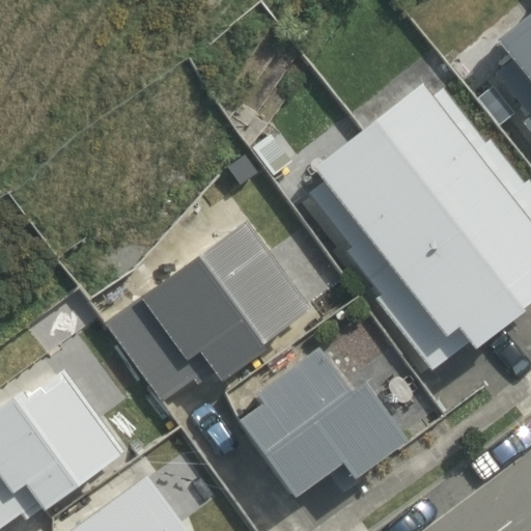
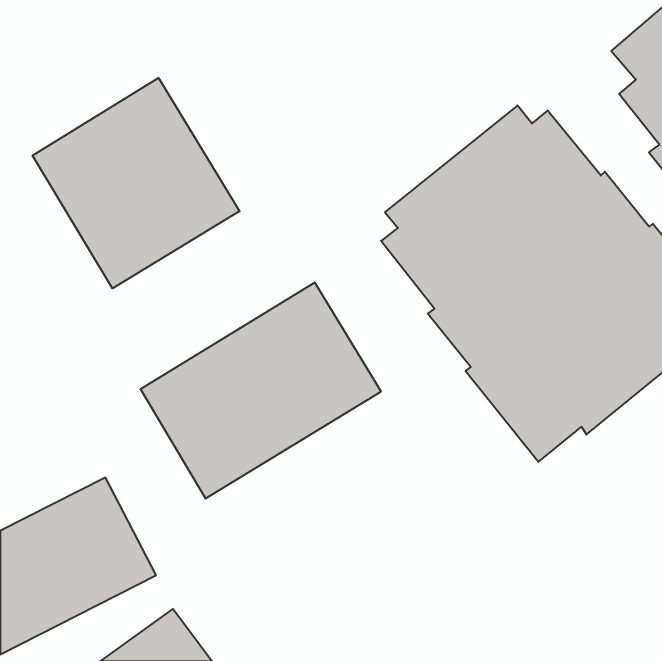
building: none -> [33,78,240,288]
building: [240,363,408,512] -> none

